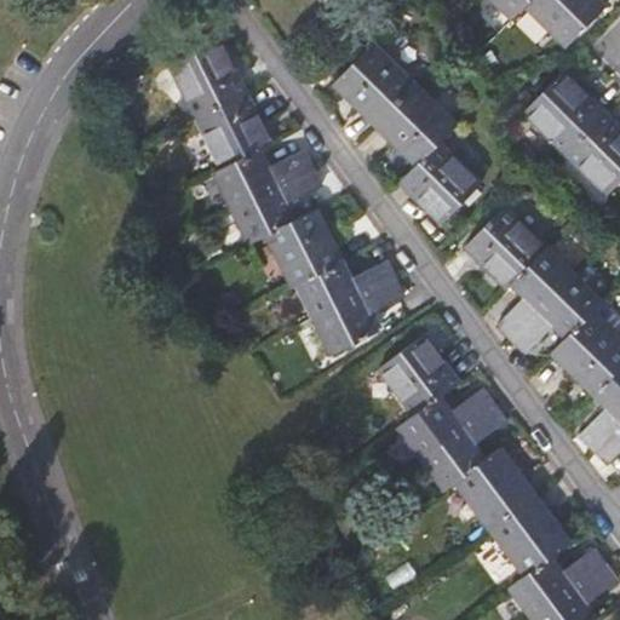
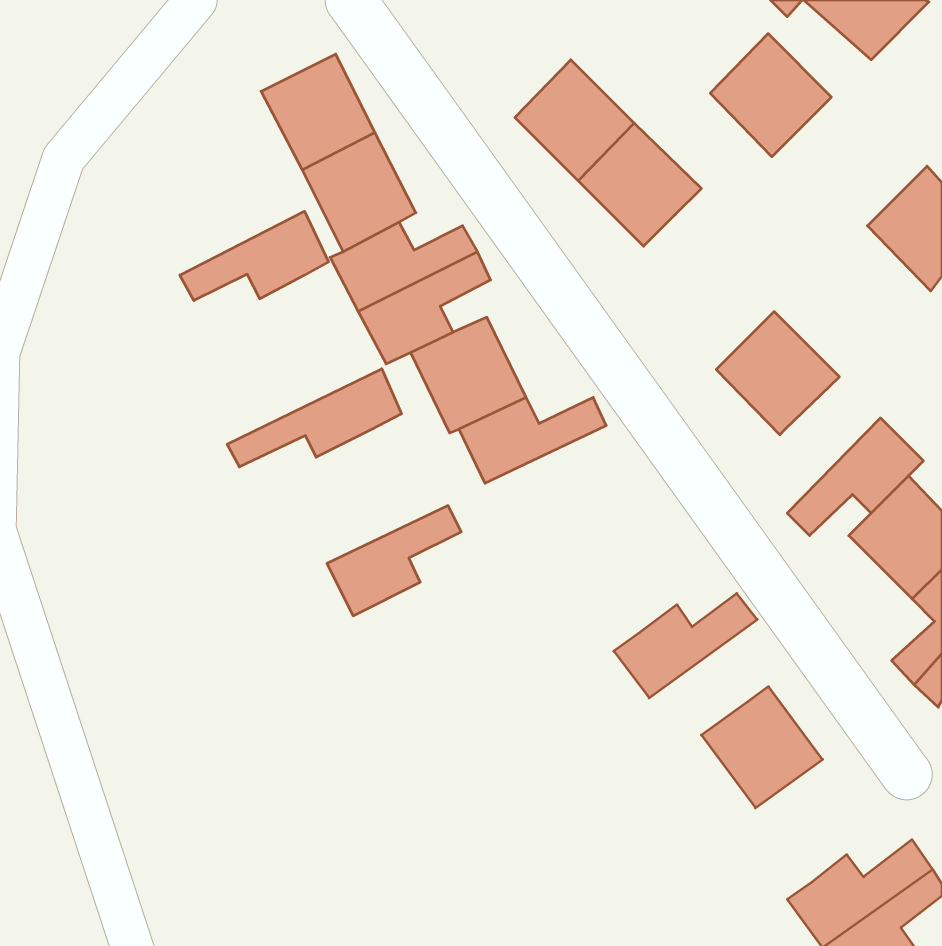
building: [523,71,602,151] -> [710,34,831,157]
building: none -> [180,211,328,301]
building: [400,144,478,224] -> none
building: none -> [227,369,401,467]
building: [498,249,572,338] -> none
building: [315,281,402,352] -> [327,506,461,616]
building: [380,337,458,415] -> none
building: [421,407,504,490] -> none
building: [490,498,568,578] -> none

